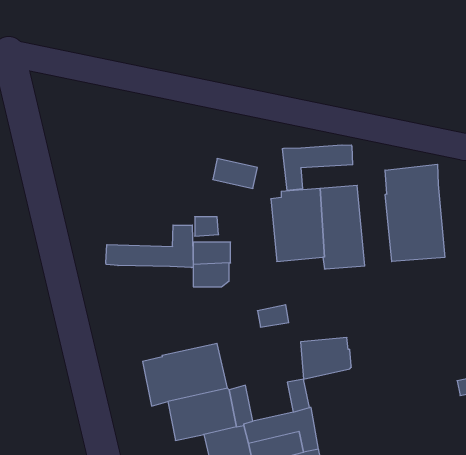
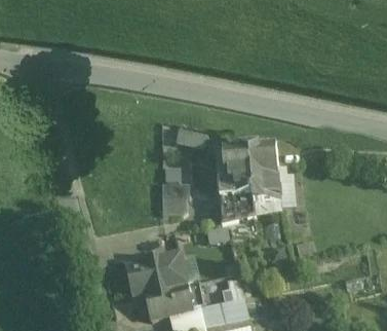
building: [282,145,353,190] -> none
building: [385,164,445,262] -> none
building: [106,225,193,268] -> none
building: [301,338,351,379] -> [220,190,255,219]

